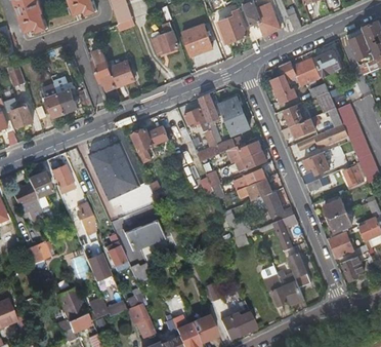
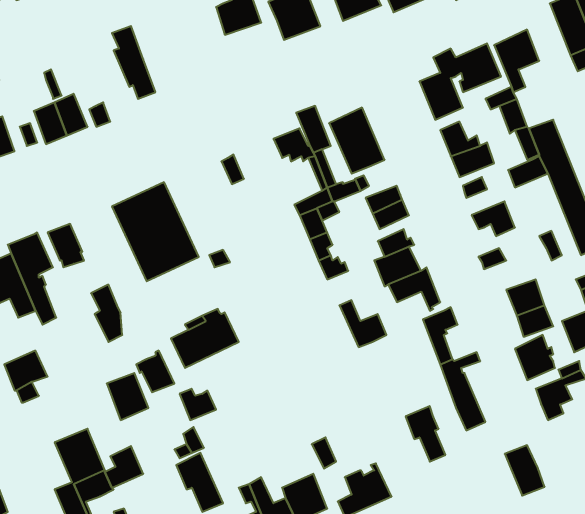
building: [109,62,134,87] -> none
building: [133,129,158,163] -> none
building: [280,274,303,304] -> [505,445,545,496]

